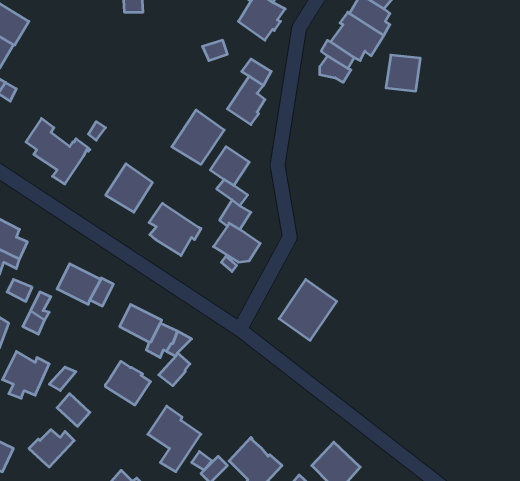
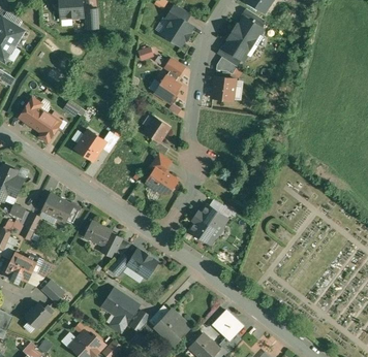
building: [386,55,420,91] -> [212,76,235,100]
building: [172,110,224,164] -> none
building: [149,203,201,256] -> none
building: [105,361,151,405] -> [127,249,157,278]

